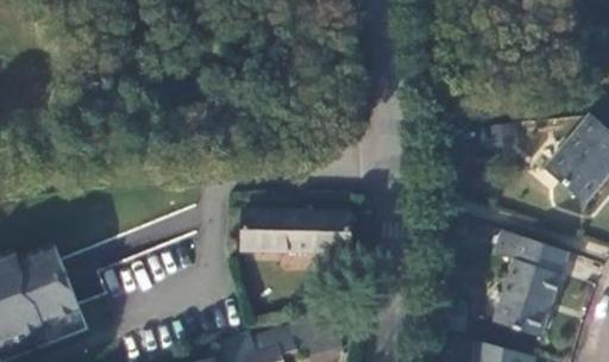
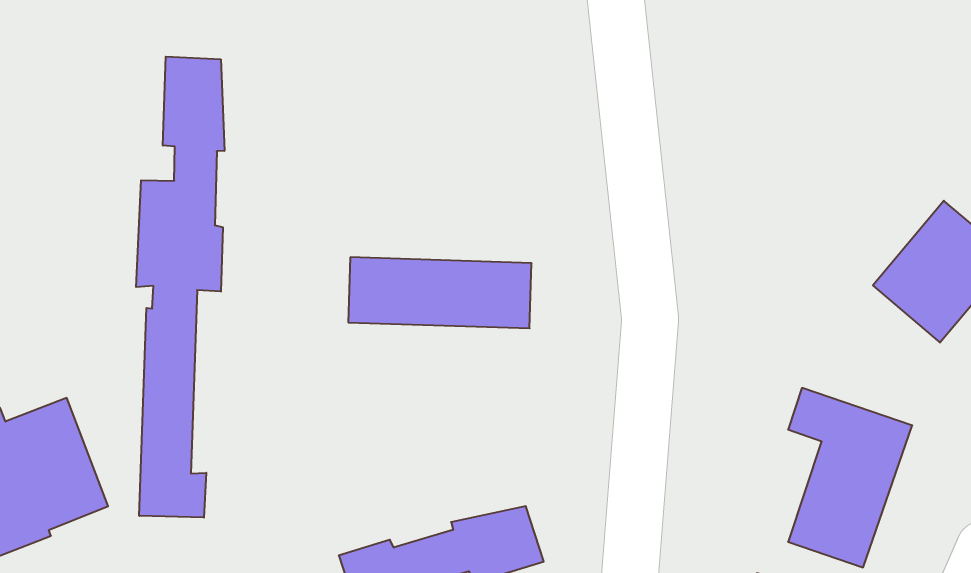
building: none -> [136,57,224,518]
building: [243,206,353,249] -> [348,257,532,328]

